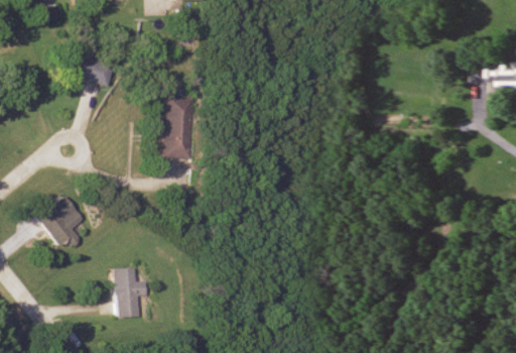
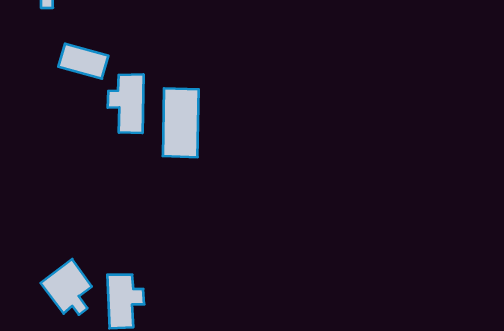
building: none -> [108,74,143,133]
building: [35,196,83,247] -> [41,259,92,315]

